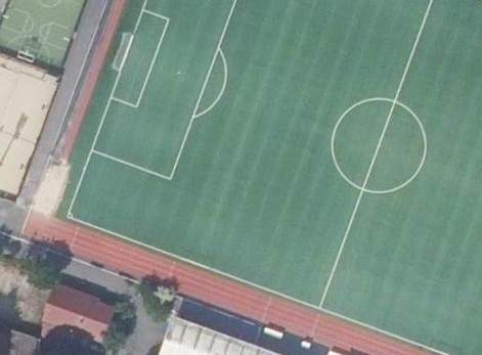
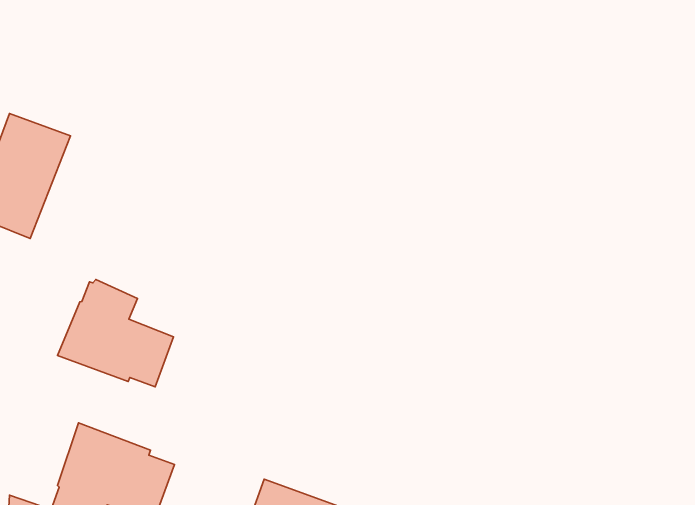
building: none -> [57,280,174,387]

